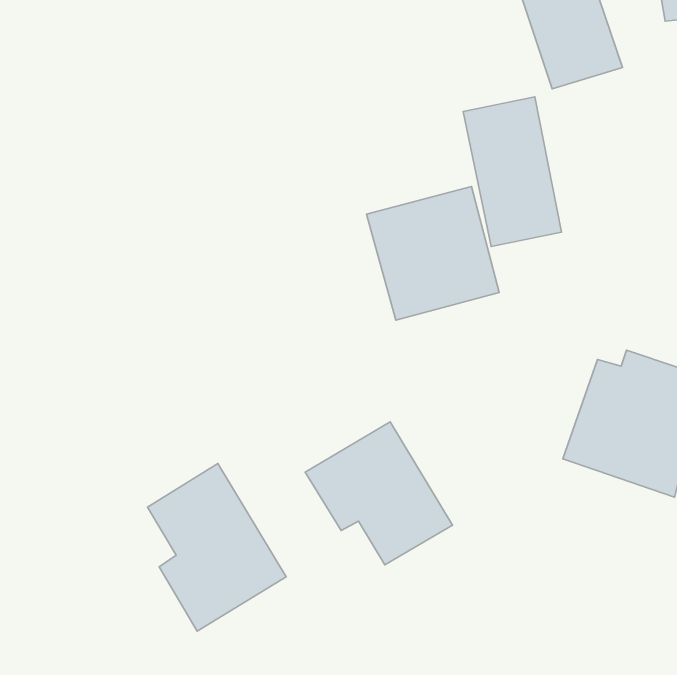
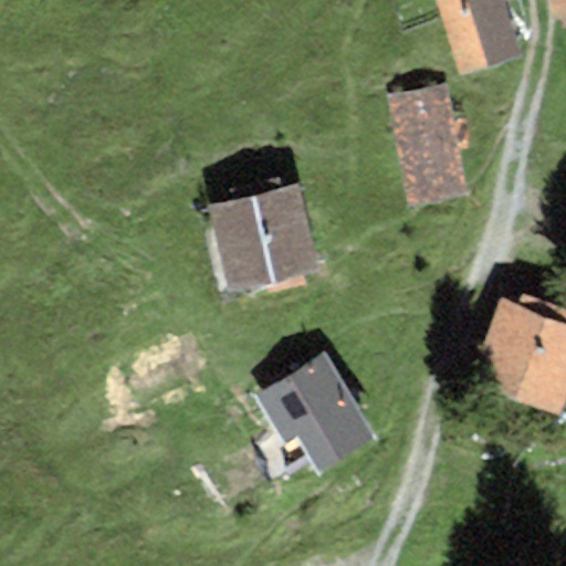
building: [366,186,499,320] -> [208,182,318,294]
building: [147,464,286,631] -> none

